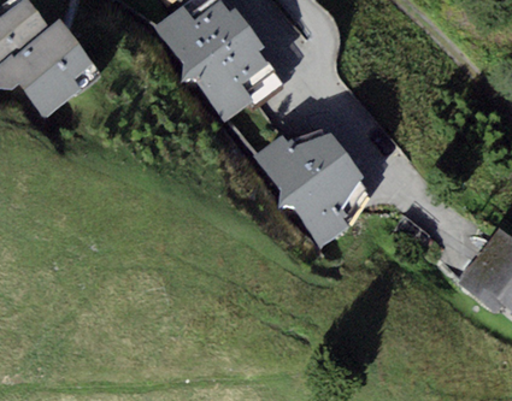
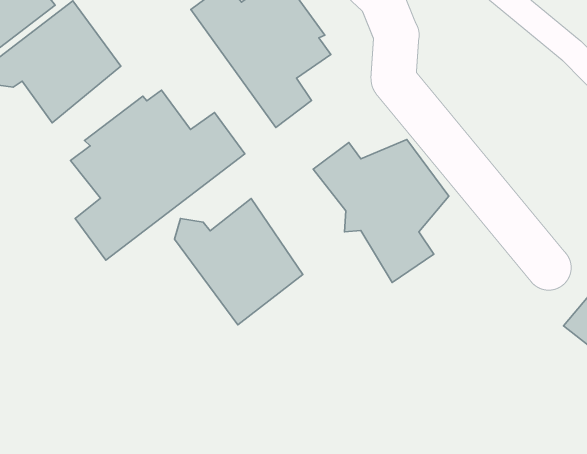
building: none -> [71,90,245,260]
building: none -> [175,198,303,325]

